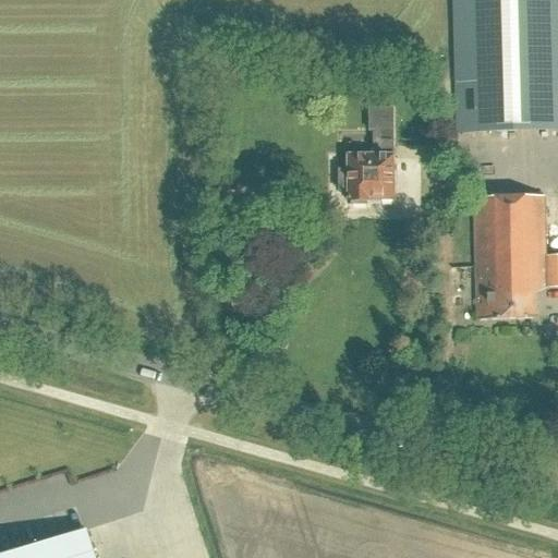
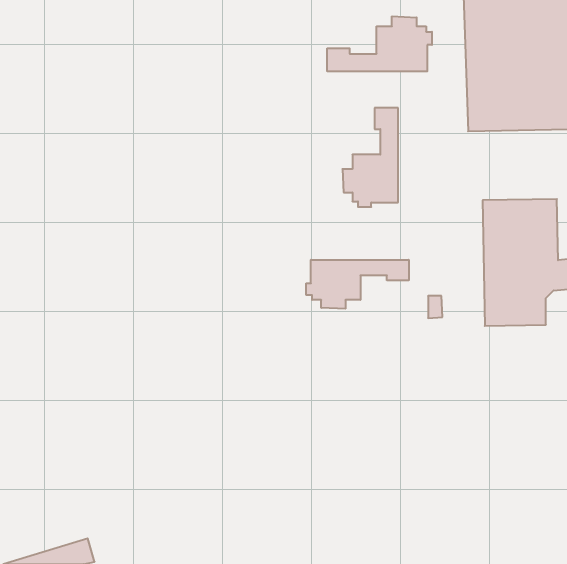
building: none -> [327,16,432,71]
building: none -> [306,260,409,309]

